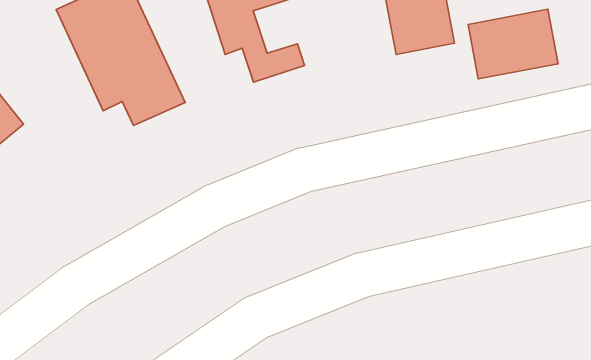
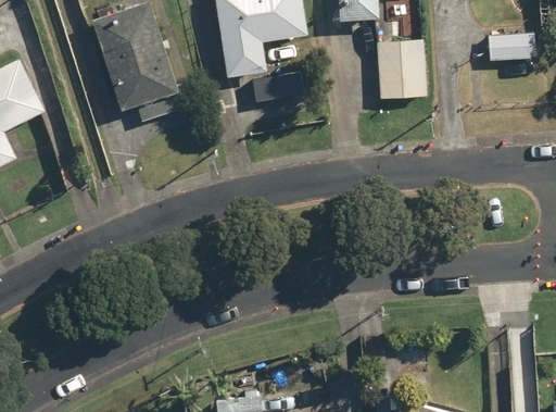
building: [468,9,558,79] -> none

